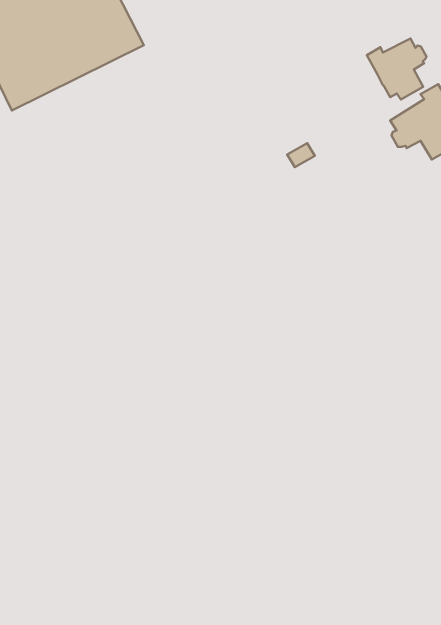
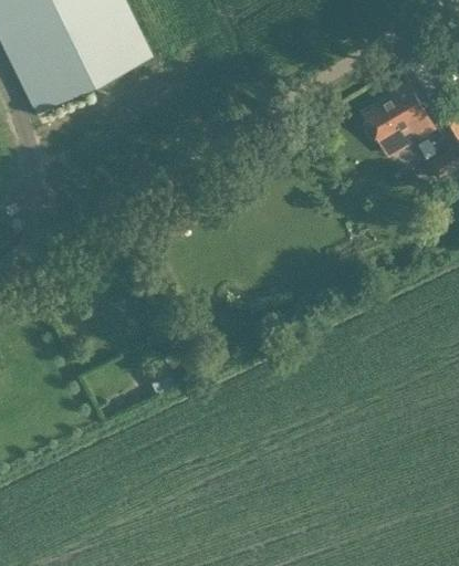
building: [367,38,427,100] -> none

